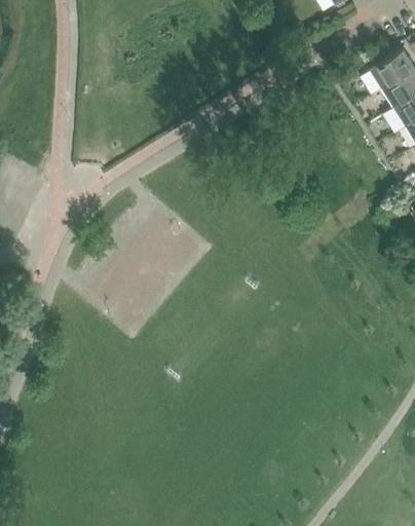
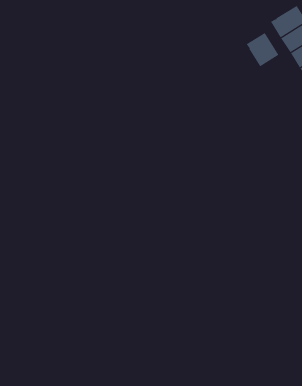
building: none -> [246,32,279,67]

